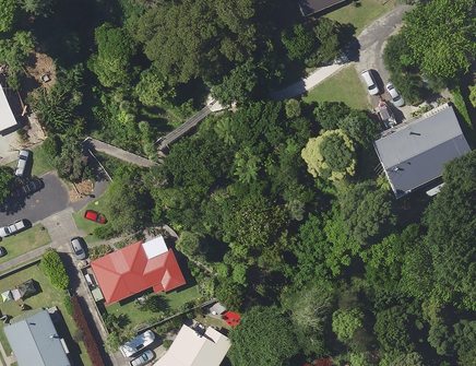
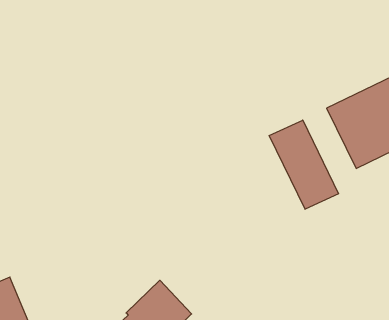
building: none -> [269,120,338,209]
building: [90,243,185,303] -> none

